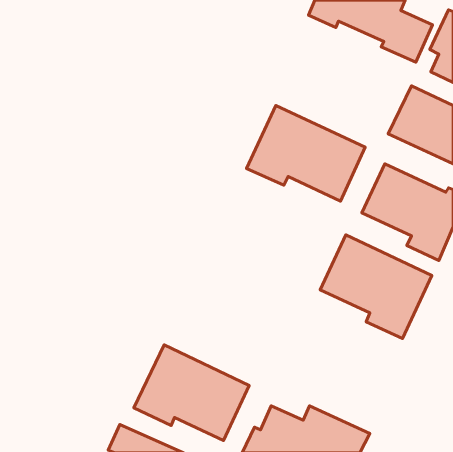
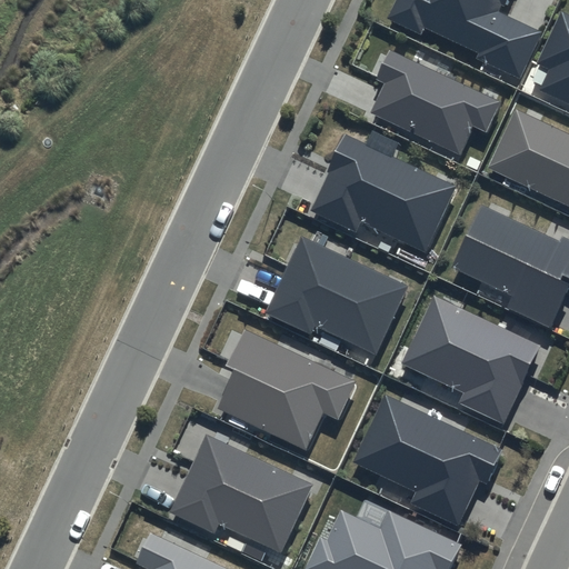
building: none -> [371,50,502,156]
building: none -> [266,236,409,356]
building: none -> [217,329,357,451]
building: none -> [352,395,505,528]

